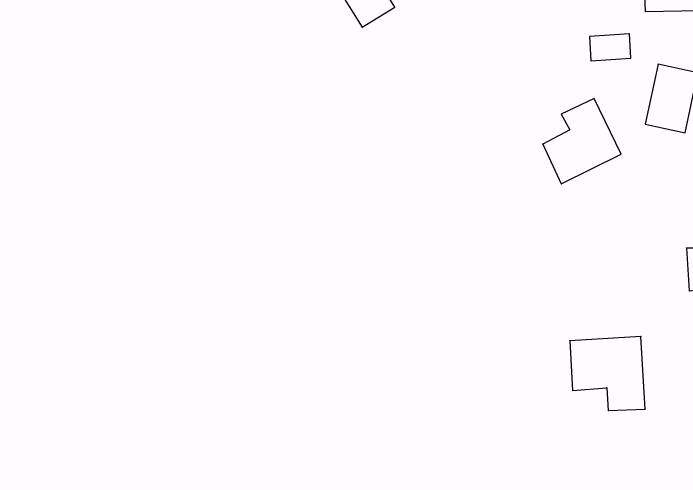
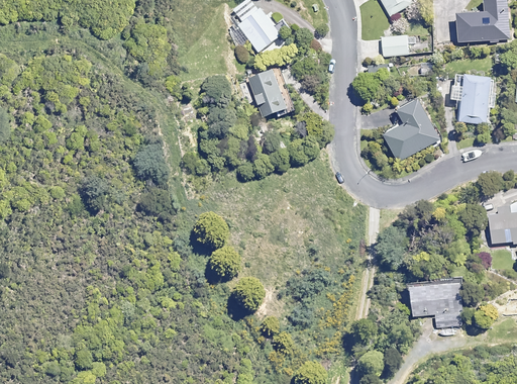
building: [590,34,631,61] -> [382,36,411,56]
building: none -> [245,71,286,120]

